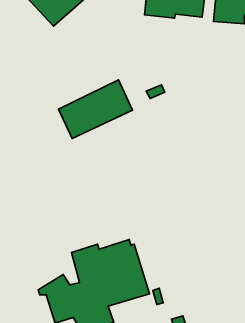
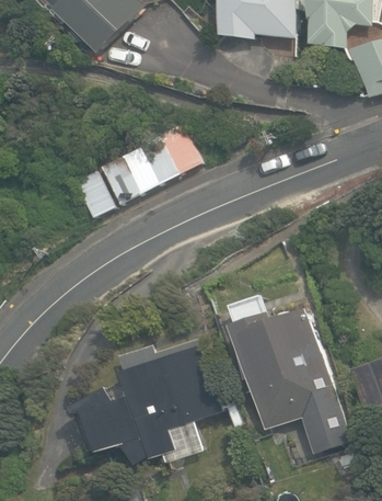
building: none -> [229,309,339,442]

